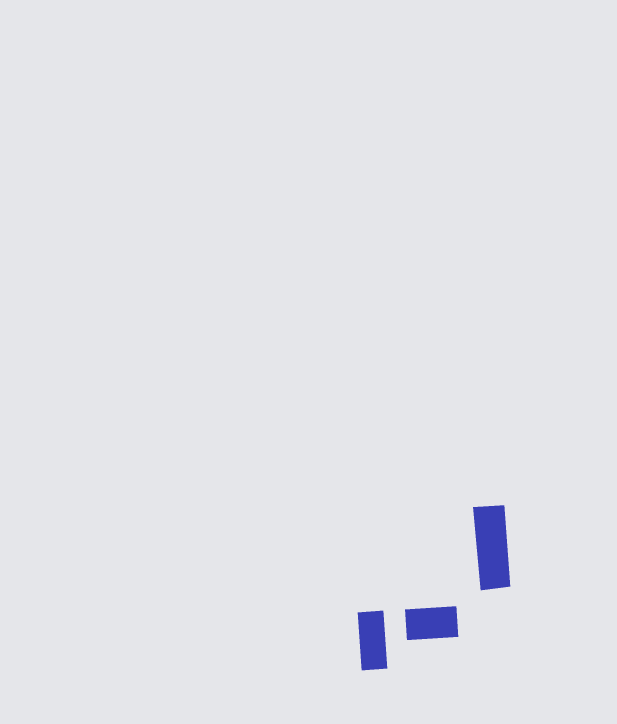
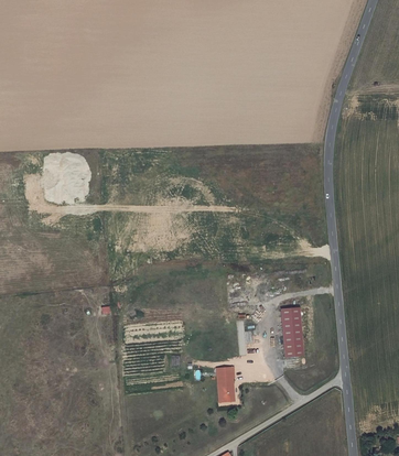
building: [404,605,459,641] -> none

